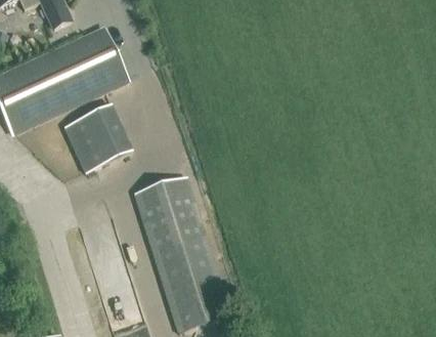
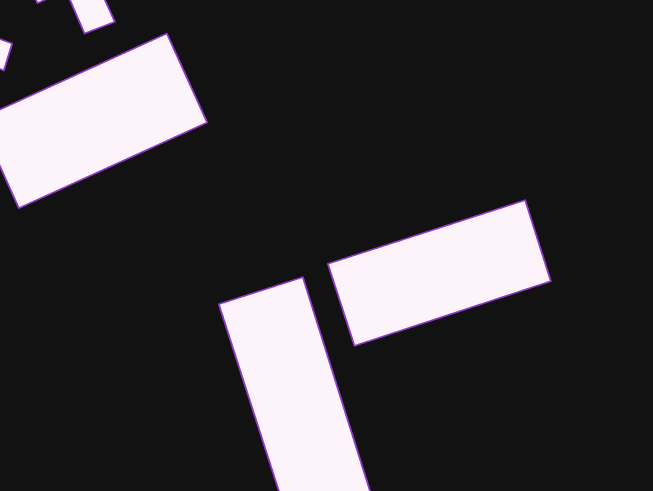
building: [64,103,133,172] -> none
building: none -> [328,200,551,346]

